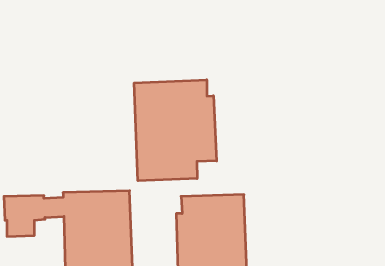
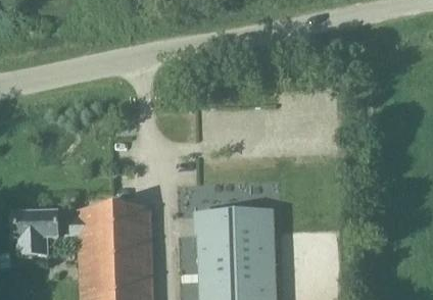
building: [134,80,217,181] -> none

